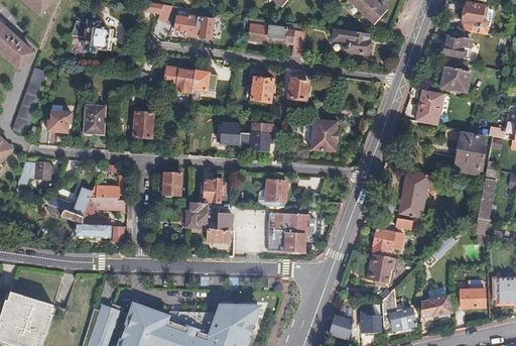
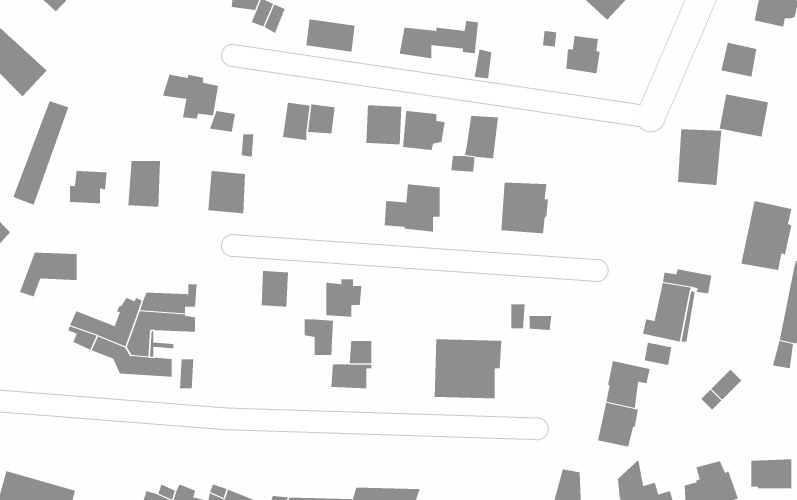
building: [73,22,107,49] -> [162,74,219,119]
building: [217,118,239,142] -> [366,105,402,145]
building: [263,179,284,206] -> none

